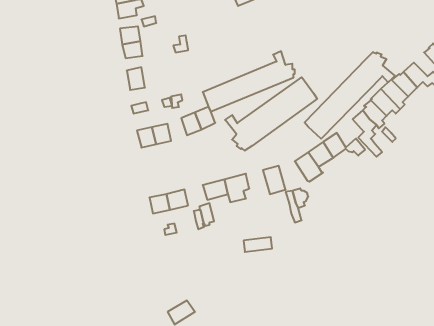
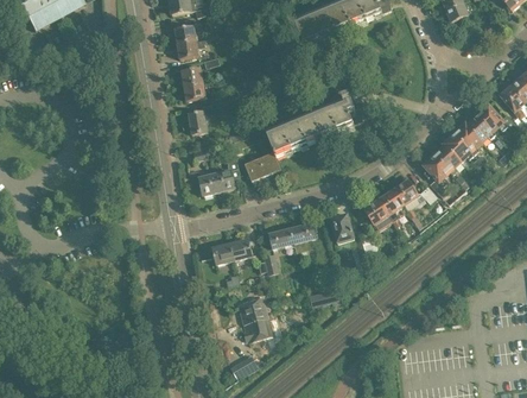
building: [305,52,395,139] -> none
building: [225,77,317,151] -> none
building: none -> [239,296,274,345]

